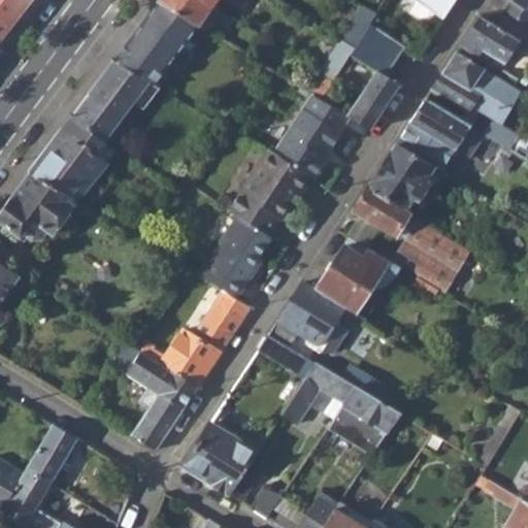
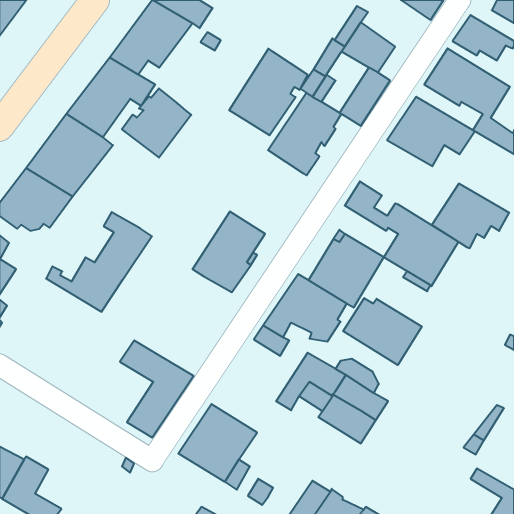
building: none -> [122,88,191,158]
building: [368,144,448,210] -> [432,184,509,248]
building: [230,152,310,240] -> [229,49,308,135]
building: [141,284,250,386] -> [46,212,152,312]
building: none -> [343,298,422,365]
building: [27,423,74,482] -> none

